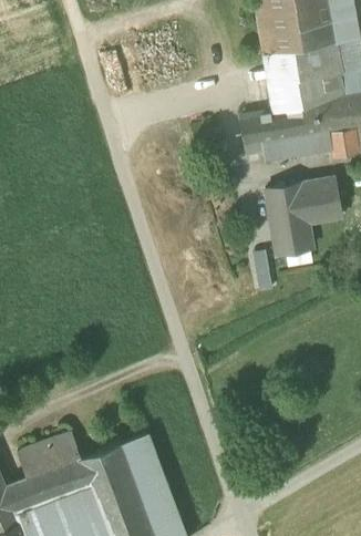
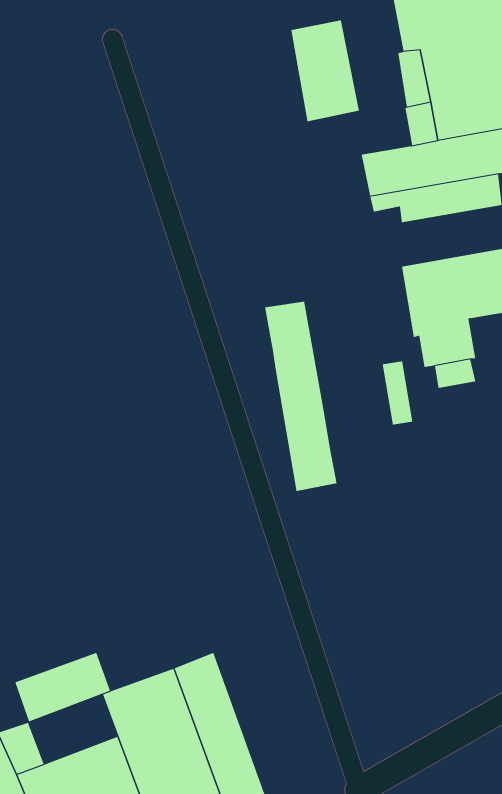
building: none -> [291,19,360,122]
building: none -> [265,301,337,492]
building: [30,460,86,504] -> none

